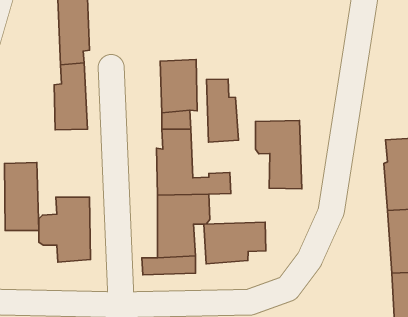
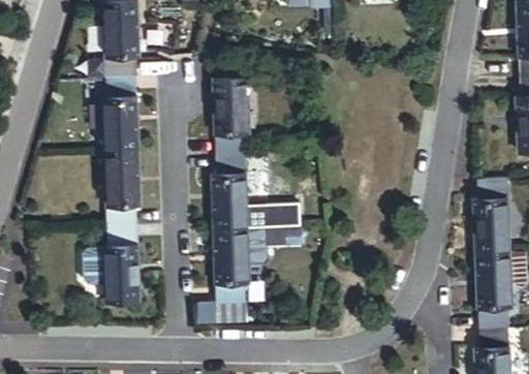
building: [206,79,239,142] -> none
building: [256,121,302,189] -> none
building: [4,162,39,230] -> [98,158,137,236]
building: [204,222,266,264] -> none

